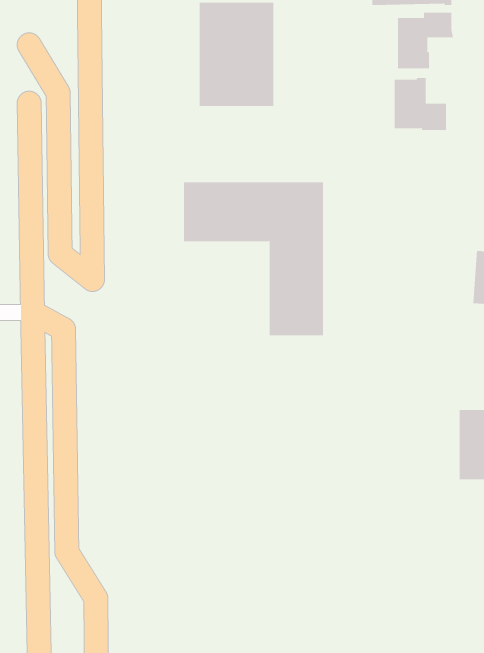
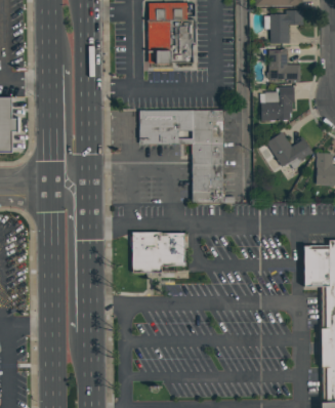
building: none -> [260,87,294,121]
building: none -> [265,132,312,167]
building: none -> [134,236,189,275]

